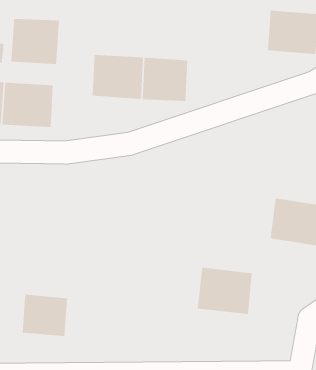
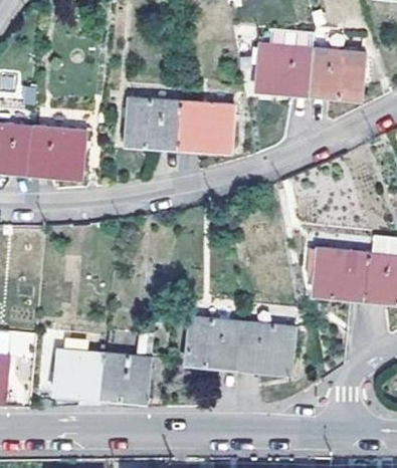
building: none -> [257,48,313,94]
building: [11,18,60,65] -> none
building: none -> [188,314,241,364]
building: none -> [98,353,148,397]

